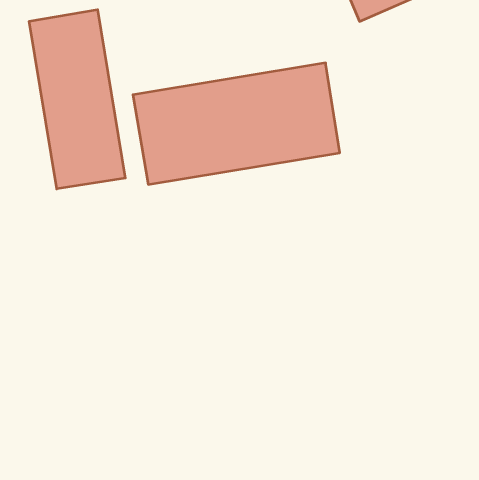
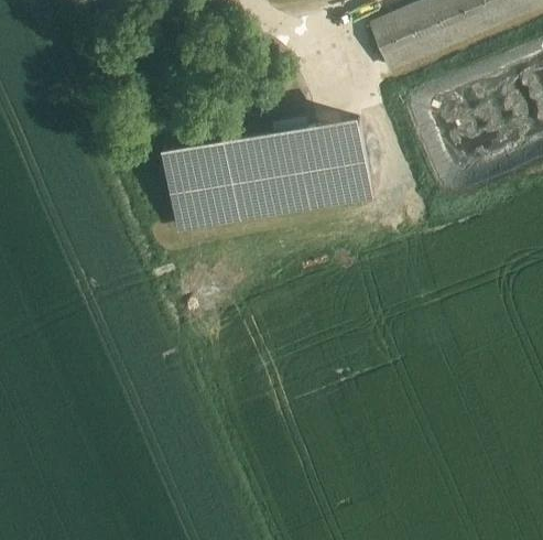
building: [29,10,125,189] -> none

